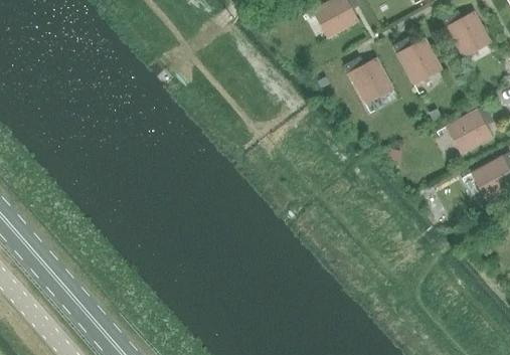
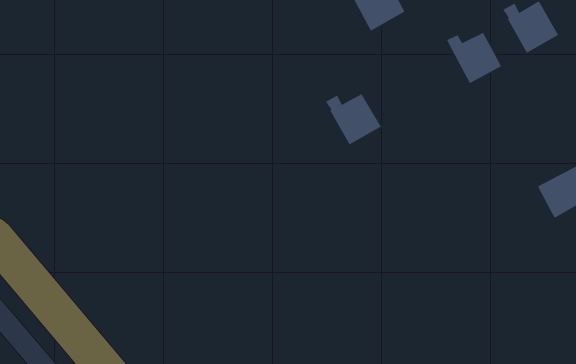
building: [344,58,393,104] -> [325,93,382,146]
building: [447,106,492,154] -> none

